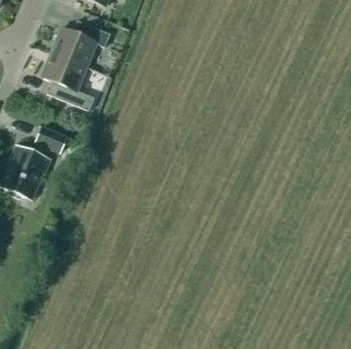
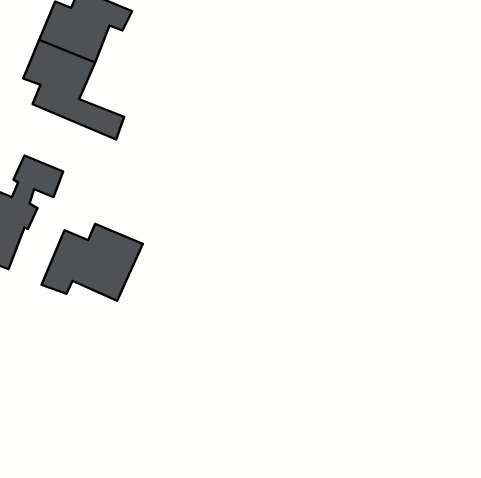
building: none -> [42,224,143,301]

